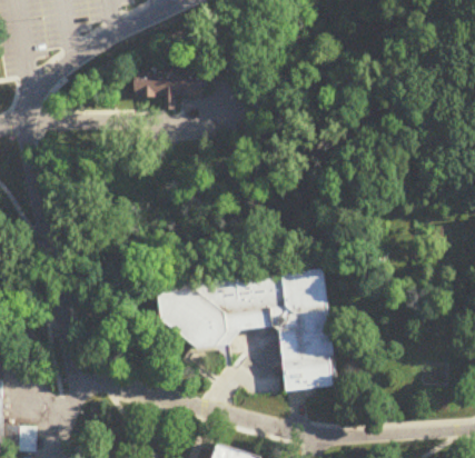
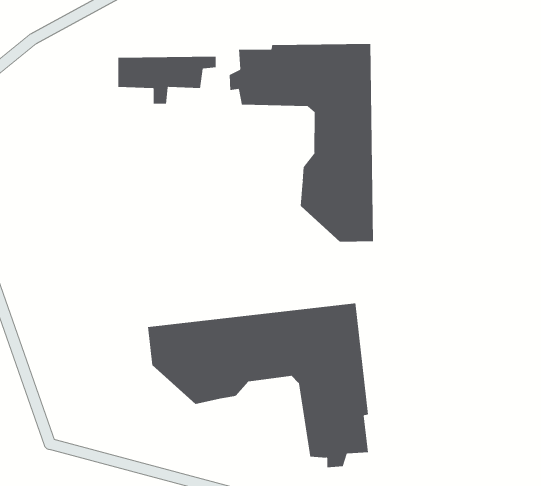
building: none -> [229,43,374,242]

